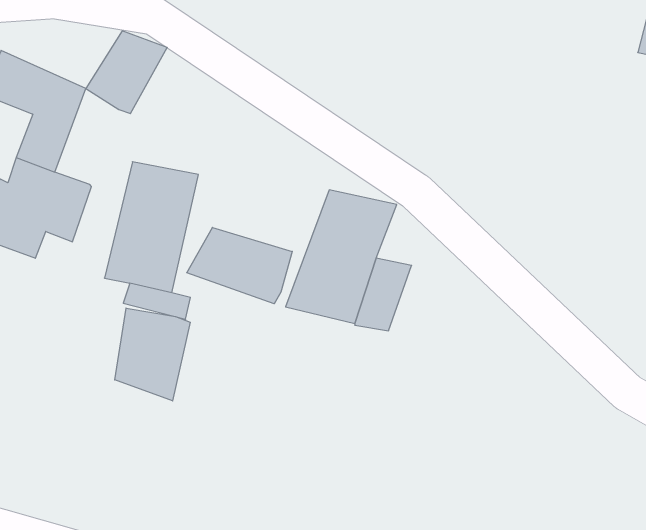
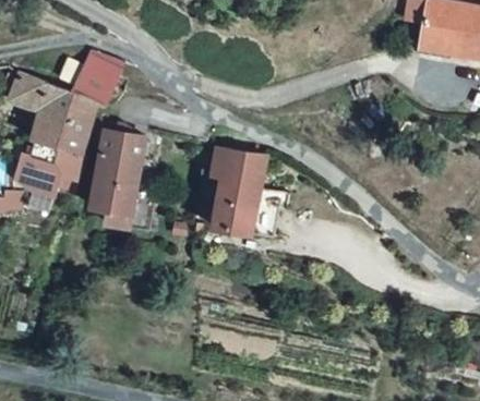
building: none -> [52,94,91,155]
building: [187,227,292,304] -> none
building: [115,308,190,401] -> none

